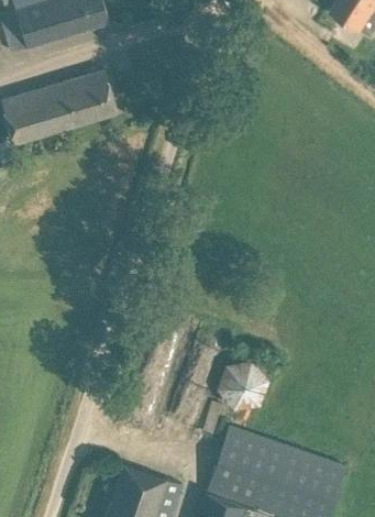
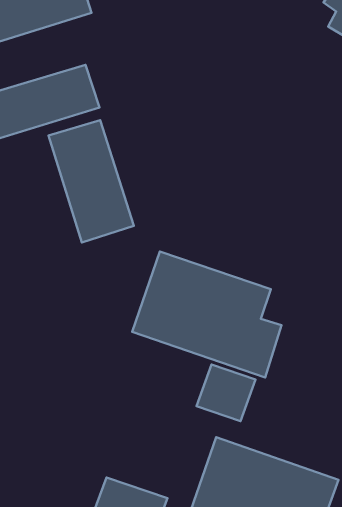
building: none -> [49,120,134,243]
building: none -> [132,252,282,377]

